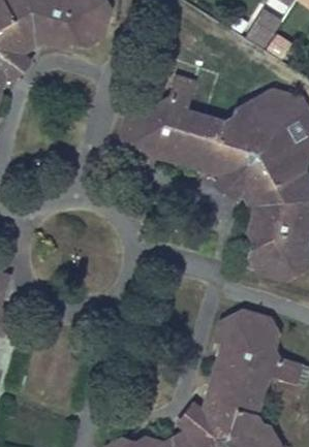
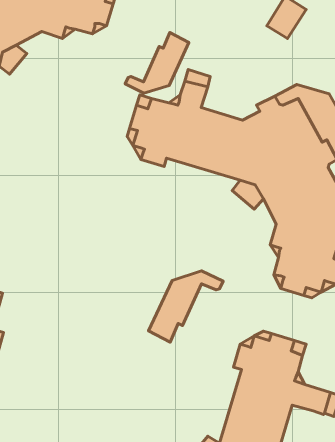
building: none -> [125,32,189,93]
building: none -> [148,271,223,342]

